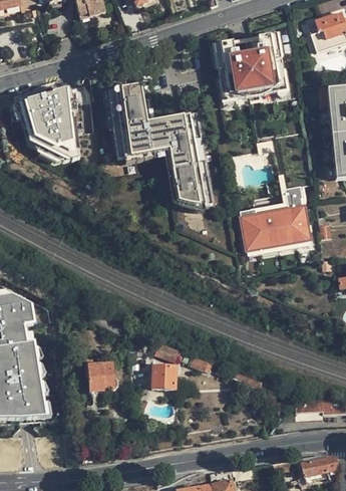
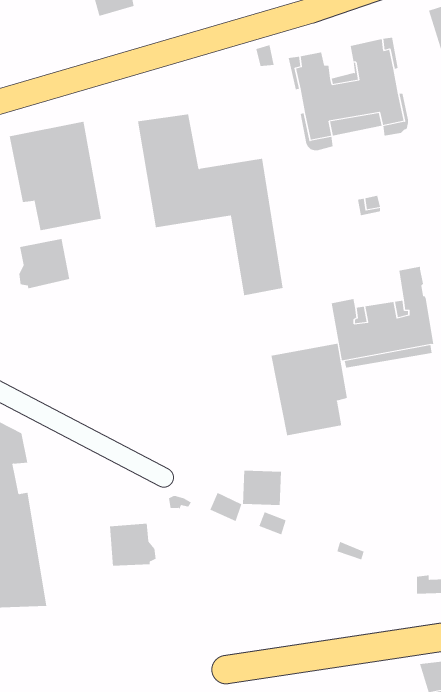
building: none -> [19,238,70,289]
building: none -> [271,343,348,436]
building: [152,363,180,388] -> [242,470,282,506]

